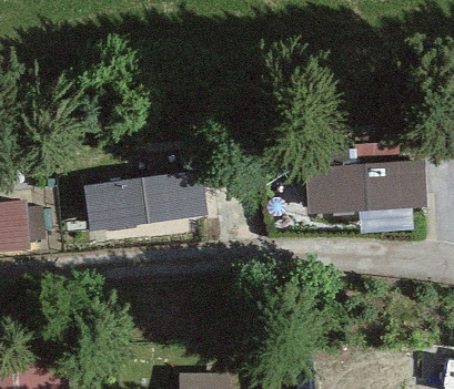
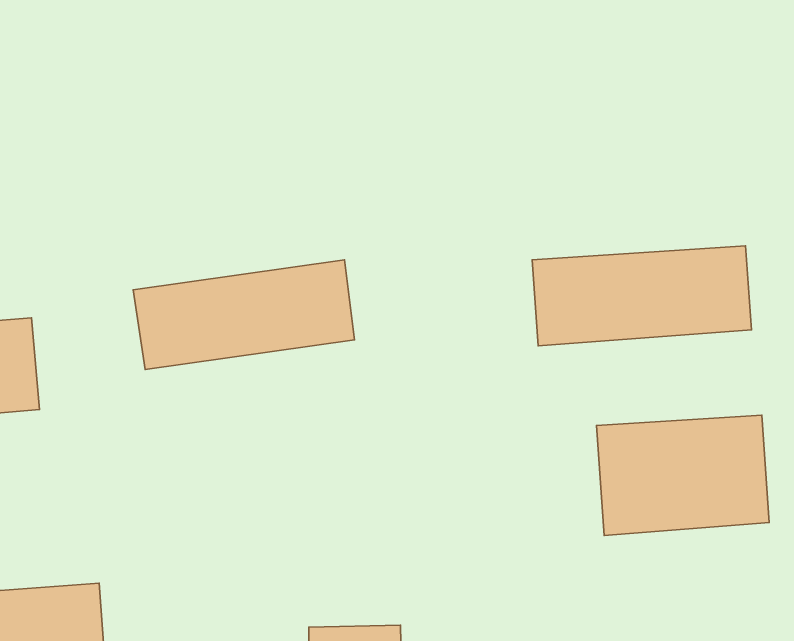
building: none -> [597,415,769,535]

